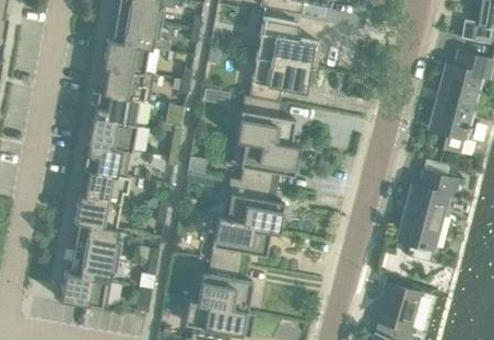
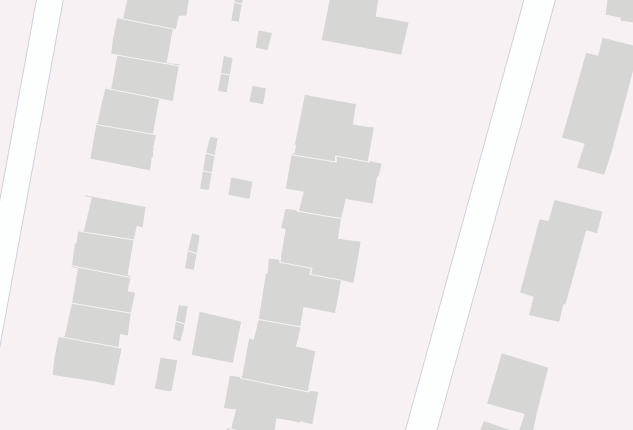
building: [248,55,314,101] -> none
building: [83,141,131,176] -> none
building: none -> [191,311,244,366]

